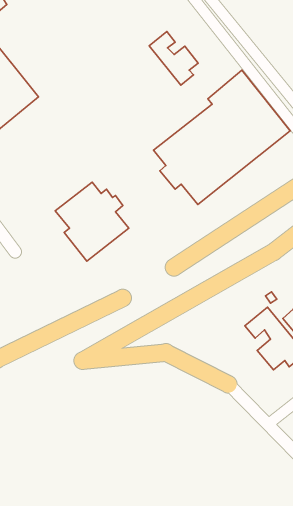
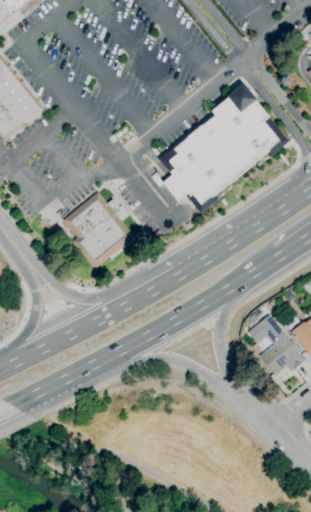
building: [149,32,198,85] -> none

